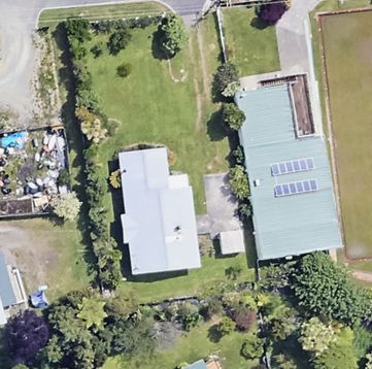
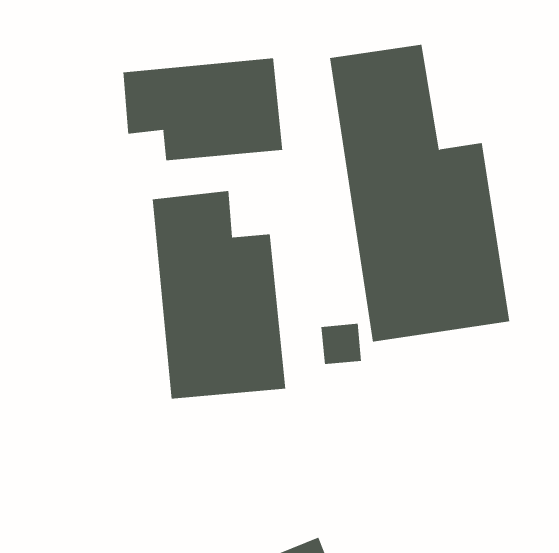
building: none -> [123,58,283,161]

